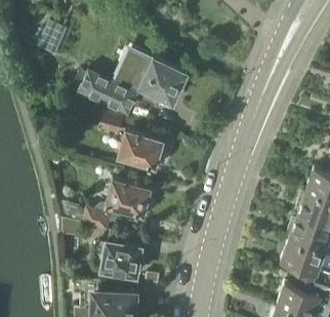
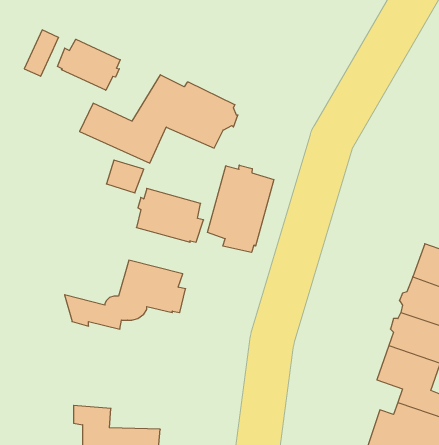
building: none -> [57,39,120,90]
building: none -> [207,165,274,252]
building: [91,231,143,277] -> none

